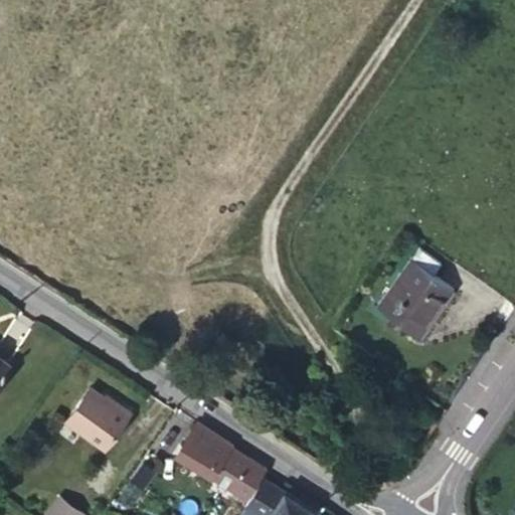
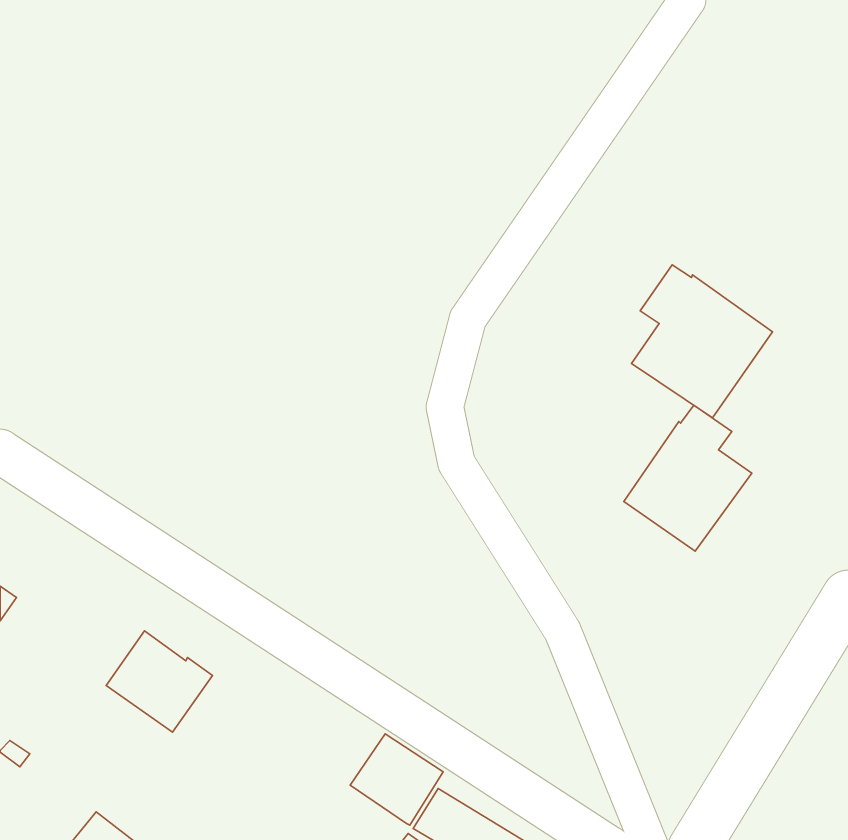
building: none -> [631,265,773,418]
building: [177,423,235,481] -> none

